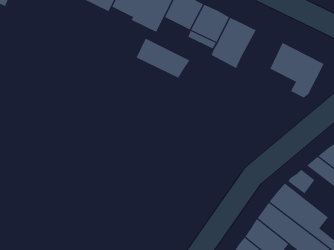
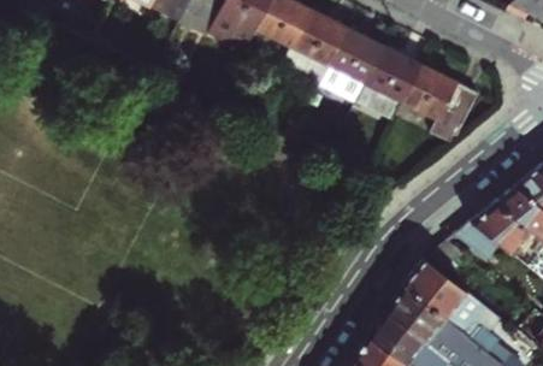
building: none -> [367,47,423,101]
building: [136,38,190,79] -> none

